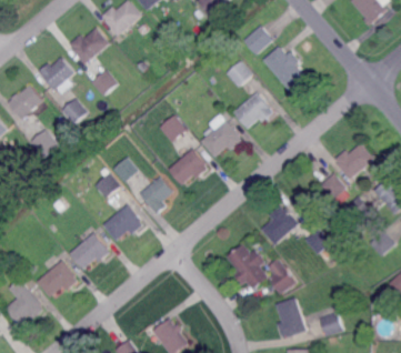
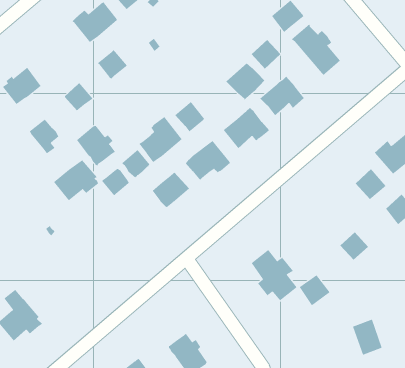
building: [39,57,74,94] -> none
building: none -> [226,62,265,101]
building: none -> [139,117,183,163]
building: none -> [76,125,116,166]
building: [102,204,142,241] -> [53,159,99,201]
building: [261,205,302,244] -> none
building: [70,232,111,269] -> none
building: [37,260,78,296] -> none
building: [275,296,307,339] -> none

